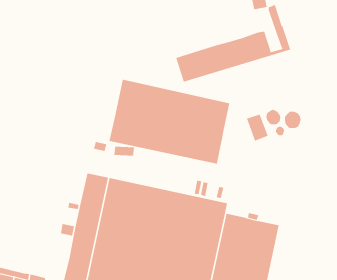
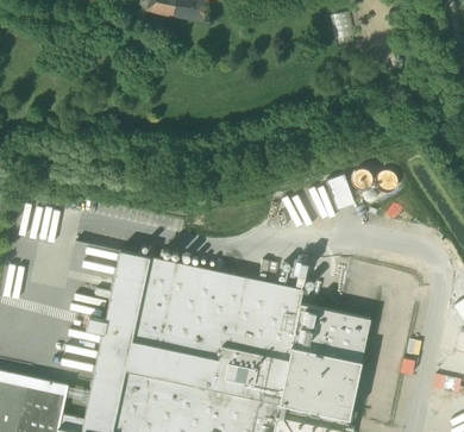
building: [175,4,291,83] -> none
building: [109,79,230,165] -> none

